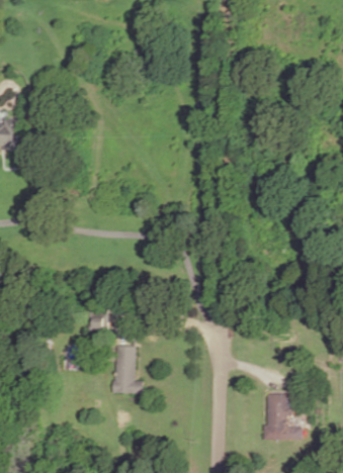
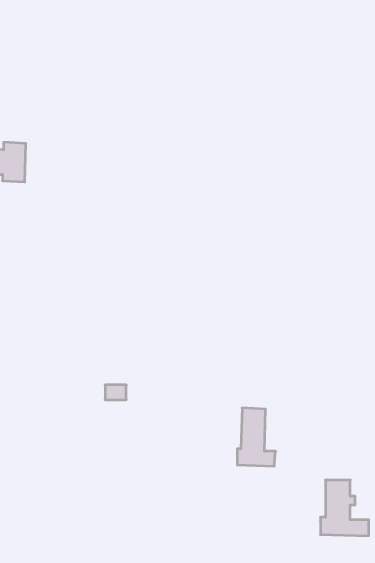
building: [112,345,144,392] -> [237,408,276,466]

